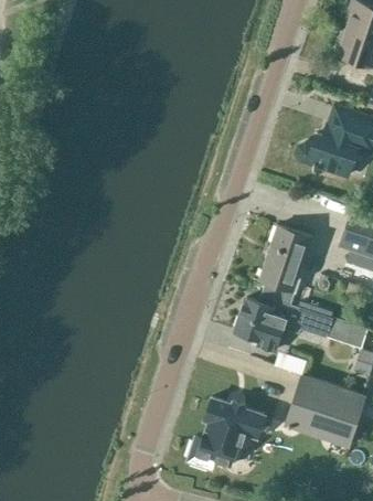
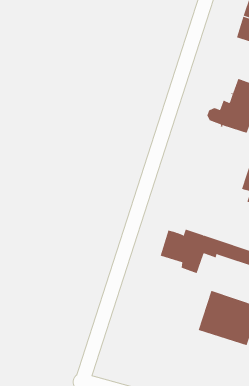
building: [257,226,313,306] -> none
building: [186,398,265,469] -> none

